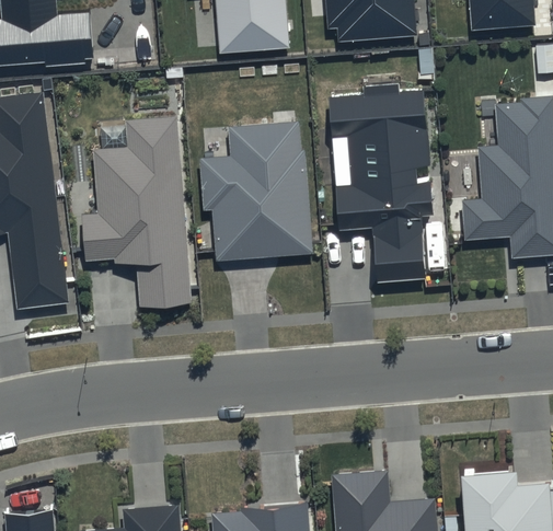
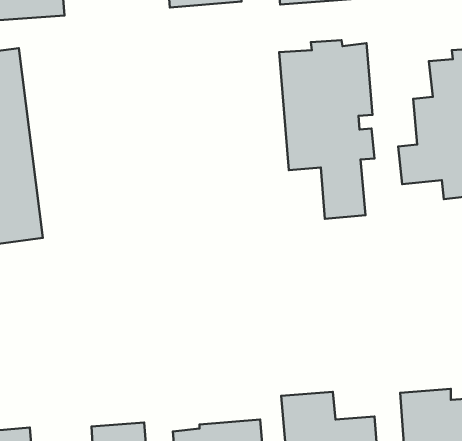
building: [81,116,189,305] -> none
building: [200,124,311,261] -> none

